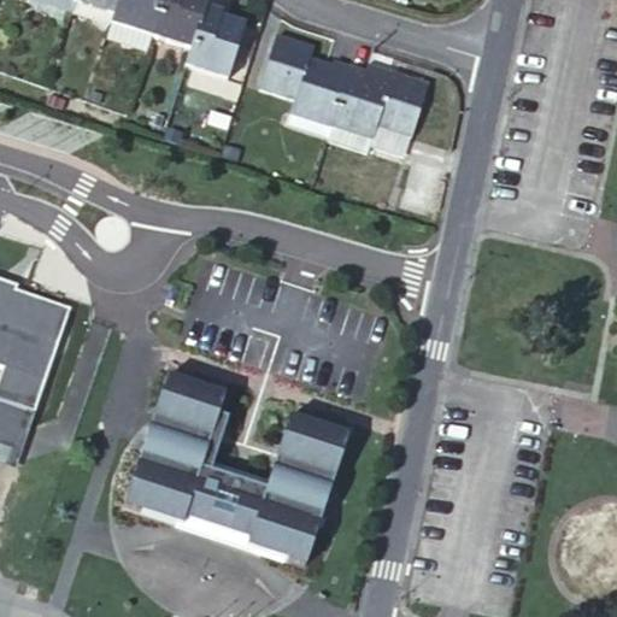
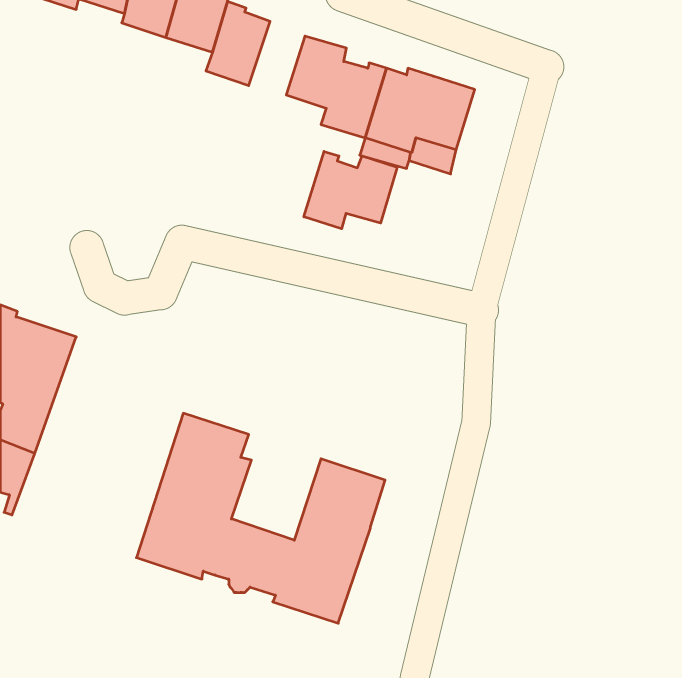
building: none -> [304,151,397,229]

